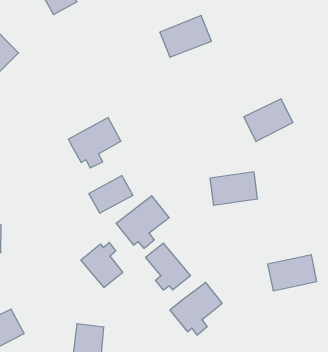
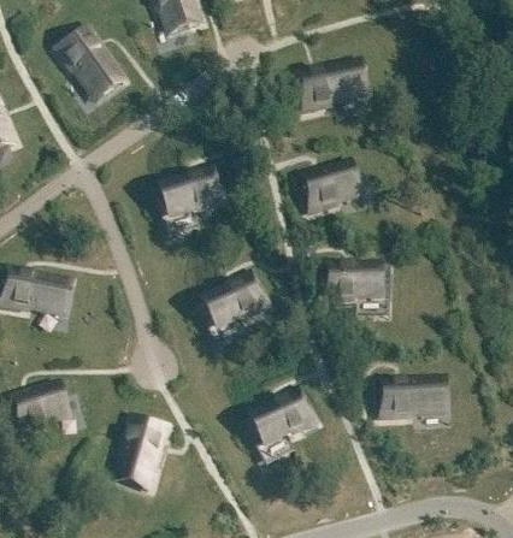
building: [244,99,293,141] -> [299,164,358,211]
building: [89,176,133,213] -> none
building: [81,242,123,288] -> none
building: [146,243,190,290] -> none

